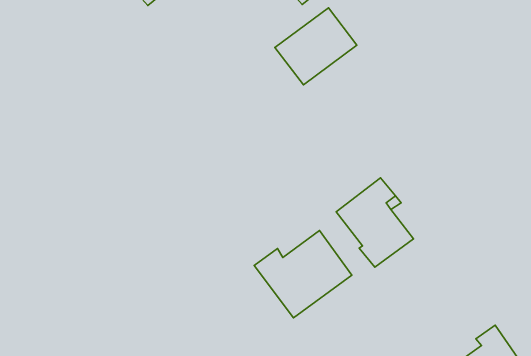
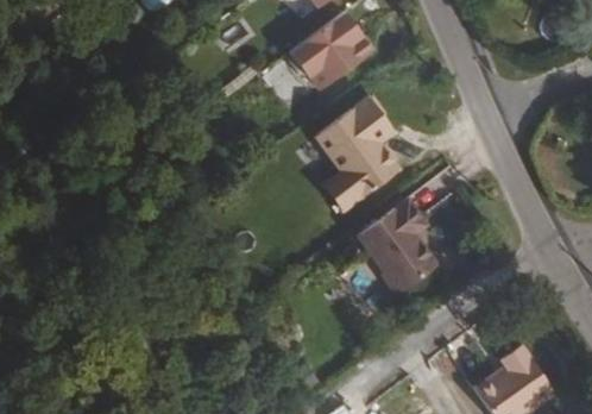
building: none -> [310,96,392,201]
building: [254,231,352,318] -> none

